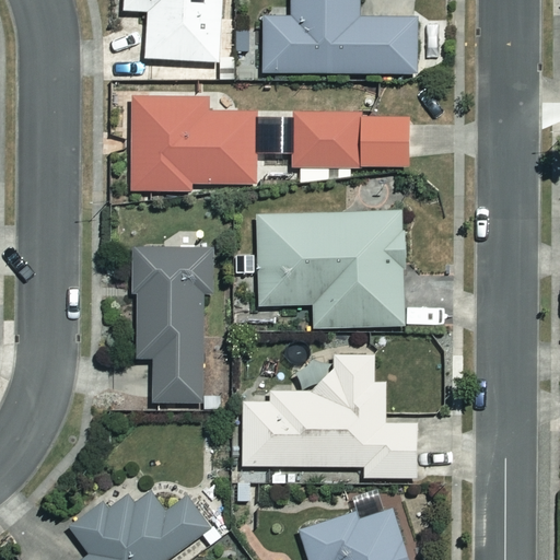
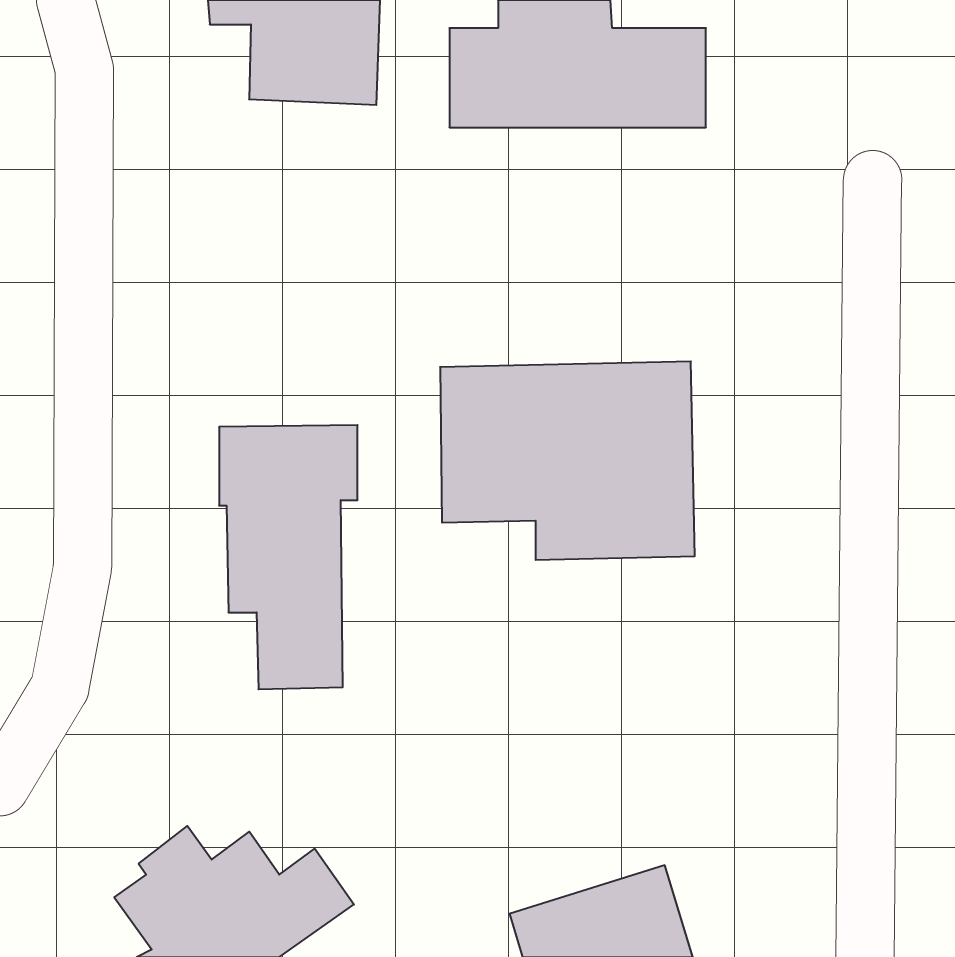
building: [131,97,255,189] -> none
building: [291,109,406,180] -> none
building: [241,354,417,480] -> none

